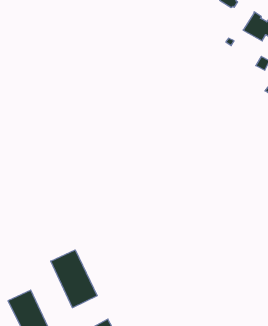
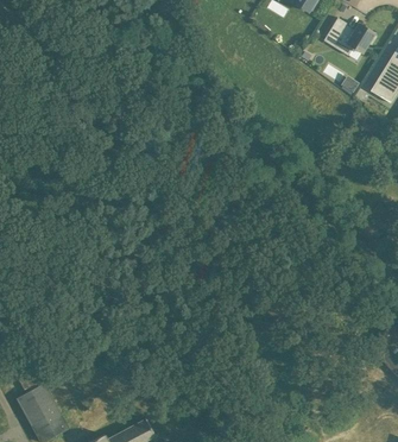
building: [51,250,97,308] -> none

